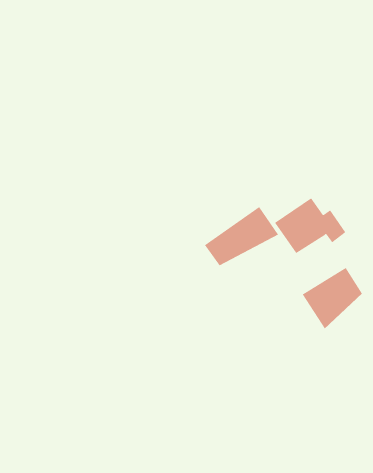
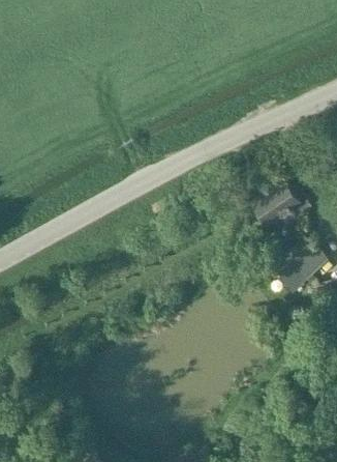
building: [204,206,279,266] -> none

